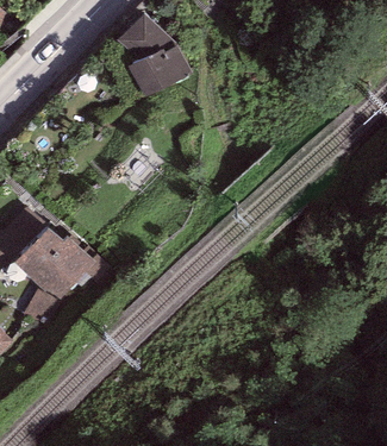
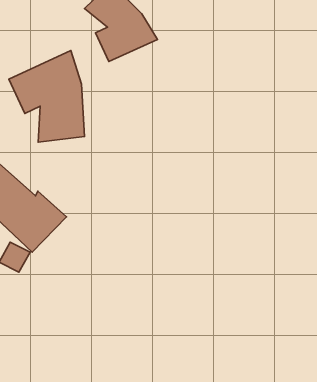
building: none -> [9,50,84,142]

